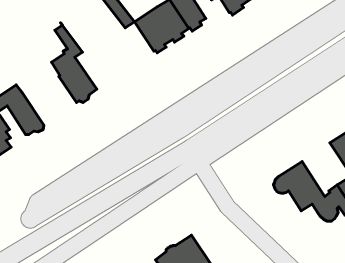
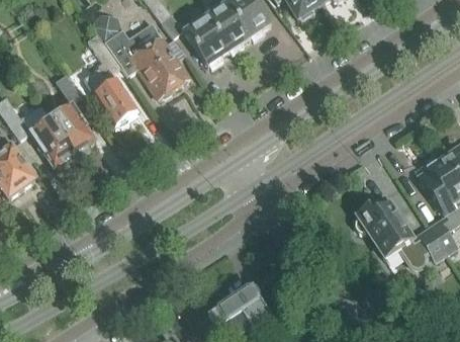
building: none -> [91,13,189,97]
building: none -> [48,73,93,153]

